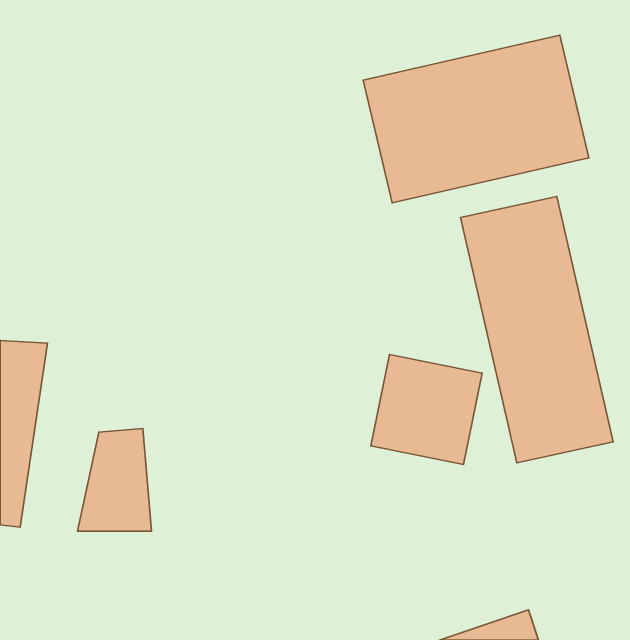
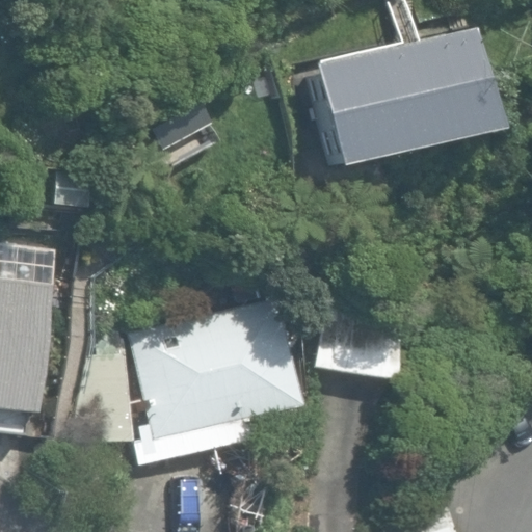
building: [461,196,613,463] -> none
building: none -> [129,297,303,441]

